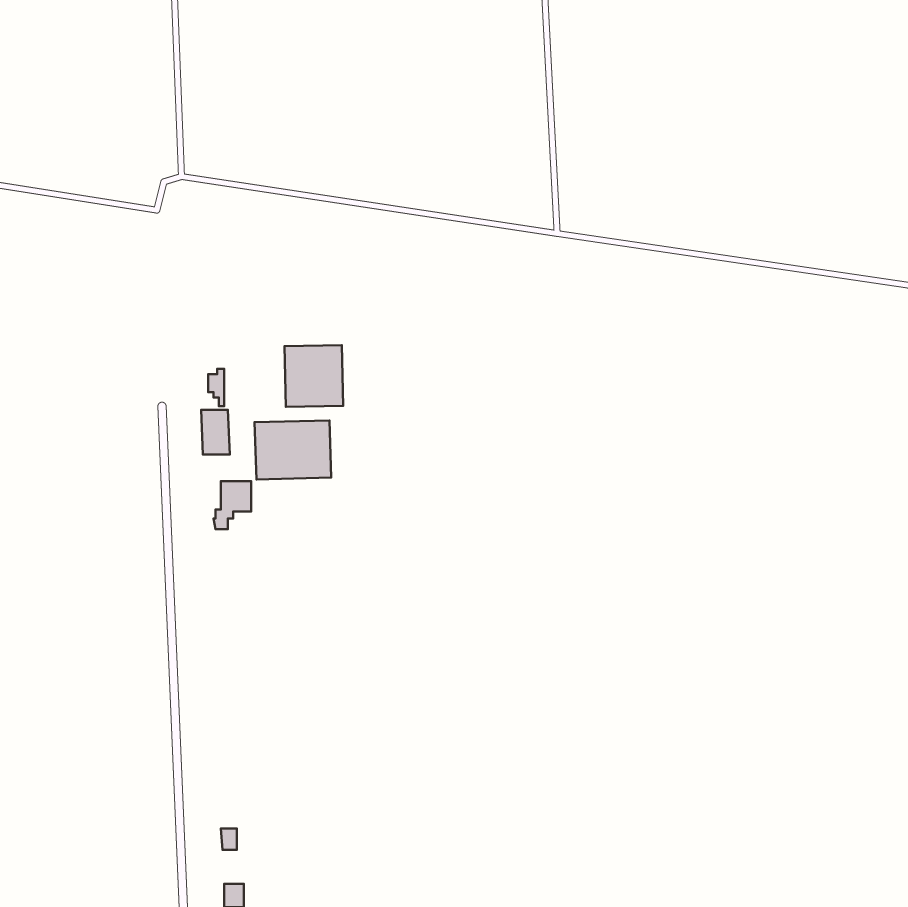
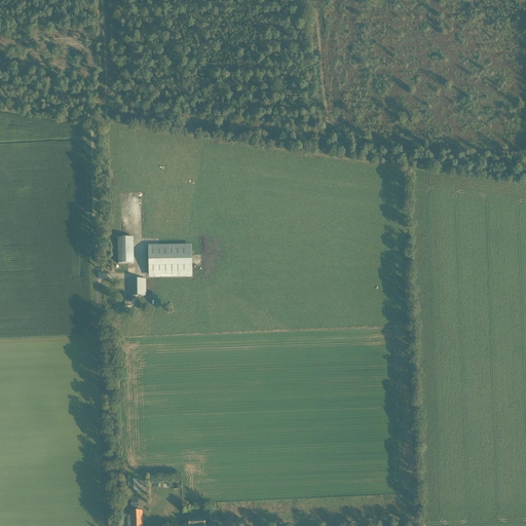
building: [284,345,343,407] -> none

